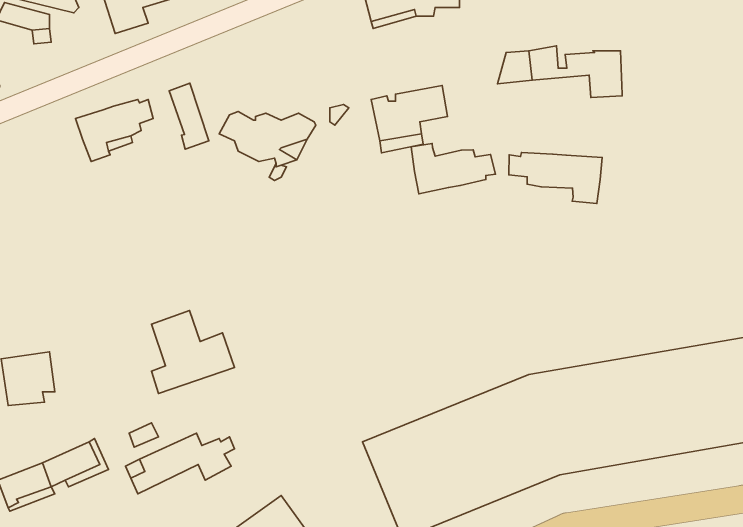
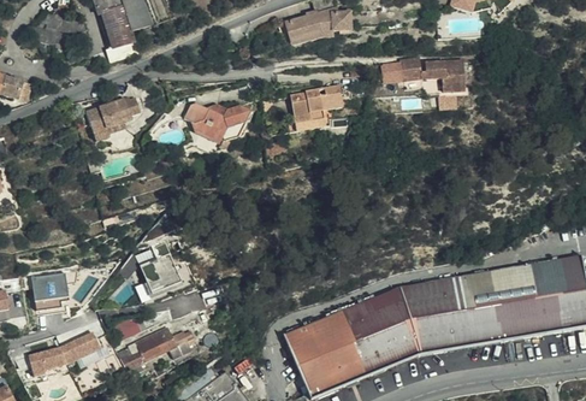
building: [169,83,209,149] -> none
building: [411,143,495,194] -> none
building: [509,153,602,204] -> none
building: none -> [168,289,205,313]

